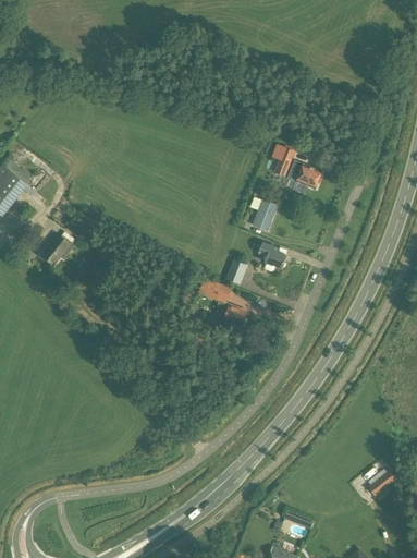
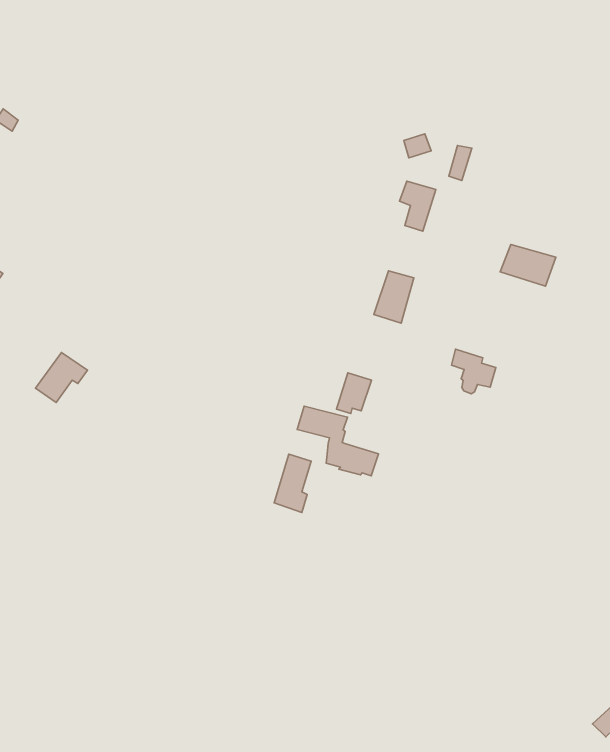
building: [287,160,322,187] -> [500,244,556,286]
building: [259,242,286,270] -> [451,349,496,394]
building: none -> [274,454,311,512]

